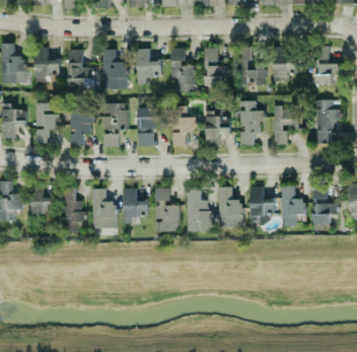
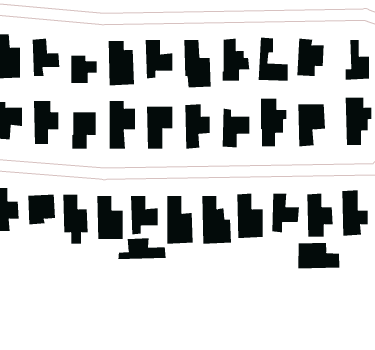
building: none -> [118,238,166,260]
building: none -> [298,242,340,269]

